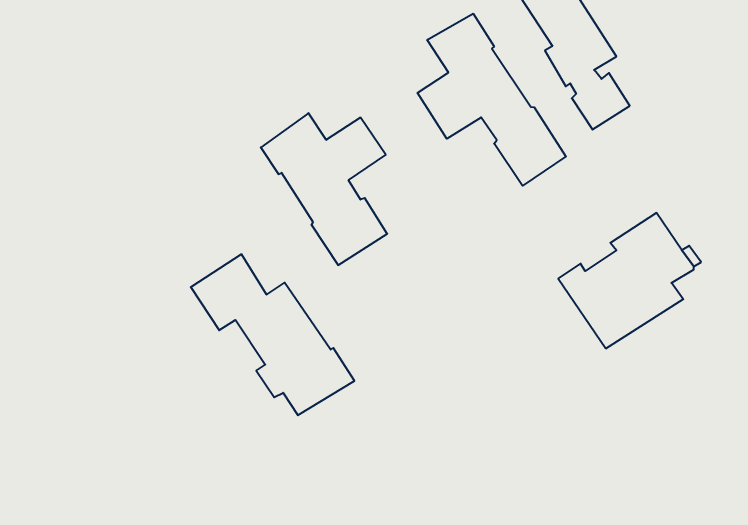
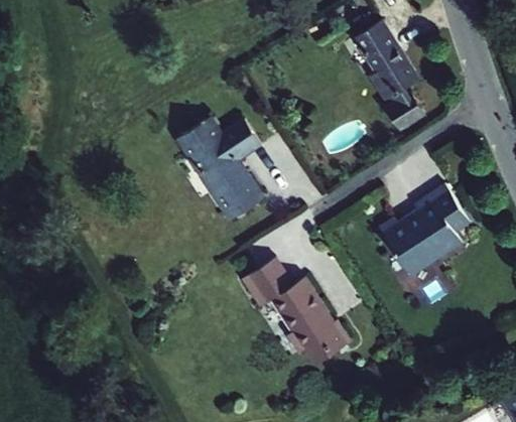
building: [418,14,566,186] -> none
building: [191,254,354,415] -> [241,257,352,366]

